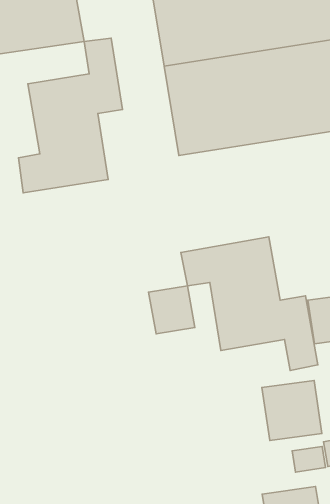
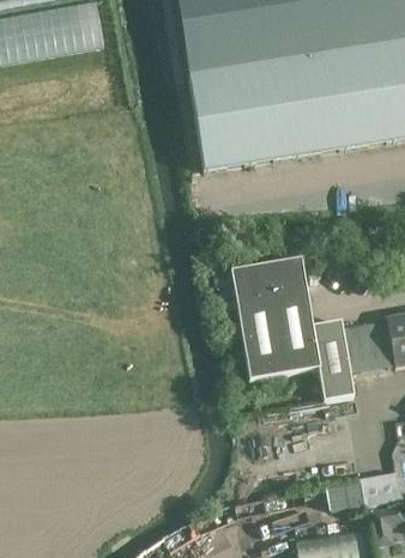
building: [18,38,122,193] -> none
building: [149,286,195,334] -> none
building: [262,380,322,440] -> none

